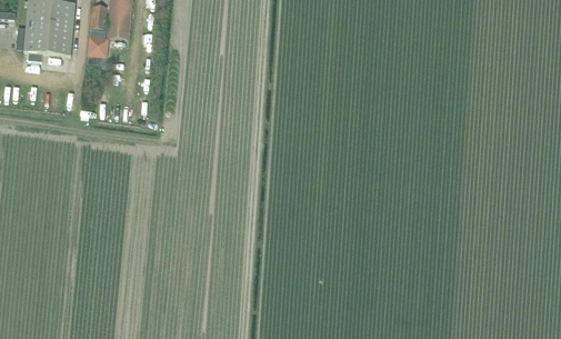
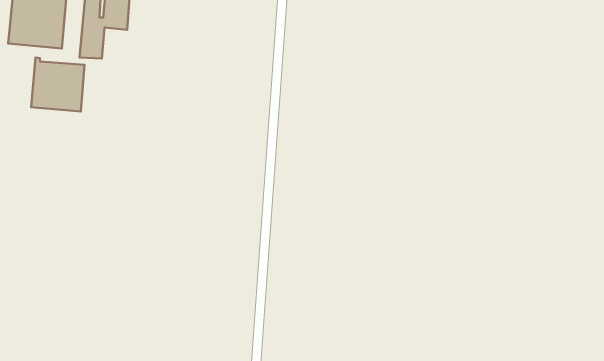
building: none -> [31,57,85,111]

